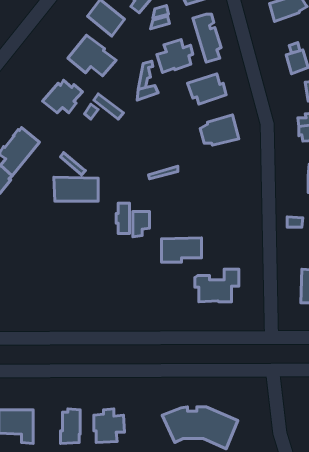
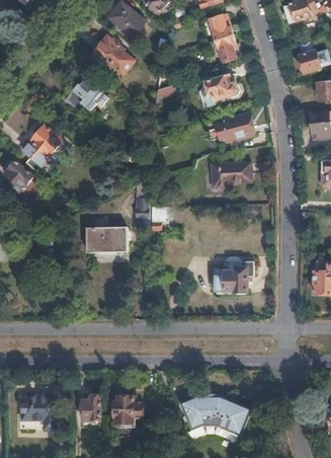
building: [157,40,193,72] -> none
building: [54,177,98,201] -> [84,227,127,250]
building: [162,238,202,262] -> [212,162,250,185]

